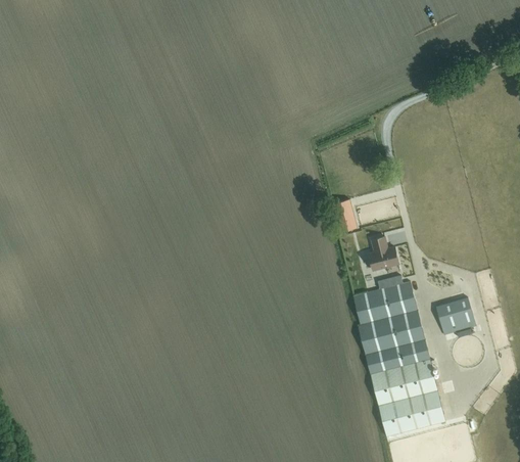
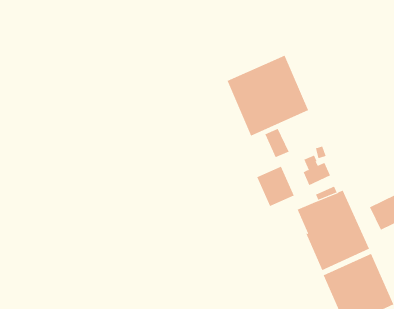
building: none -> [227,55,309,136]
building: none -> [256,166,295,207]

